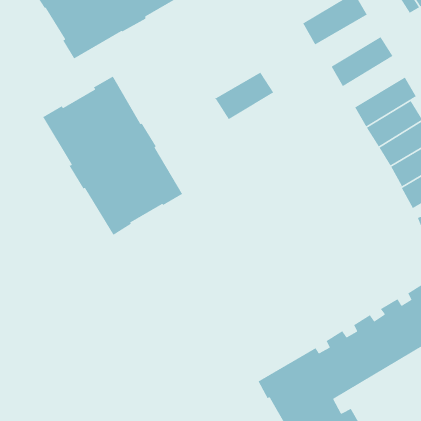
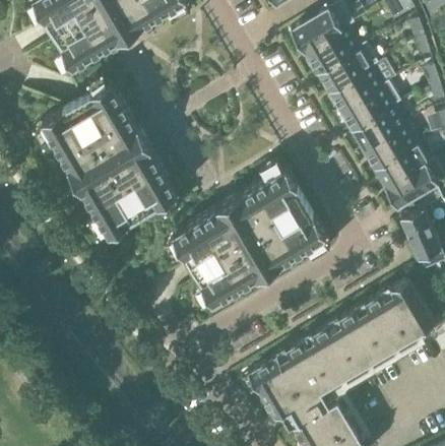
building: none -> [330,64,390,113]
building: [214,68,279,120] -> [304,24,367,74]
building: none -> [173,169,326,304]

